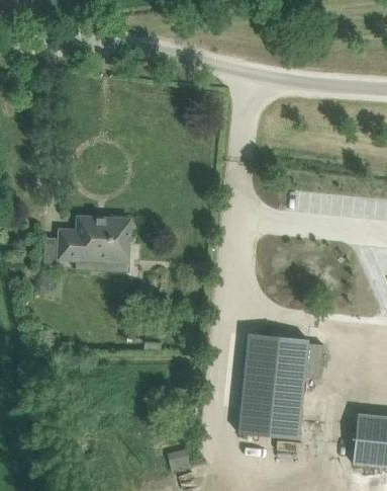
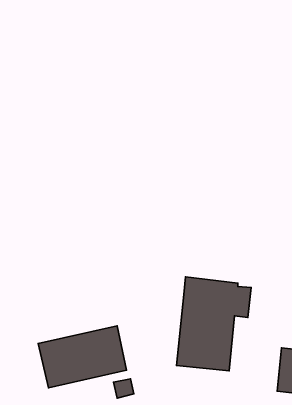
building: [59,216,129,259] -> none
building: none -> [38,326,126,388]

